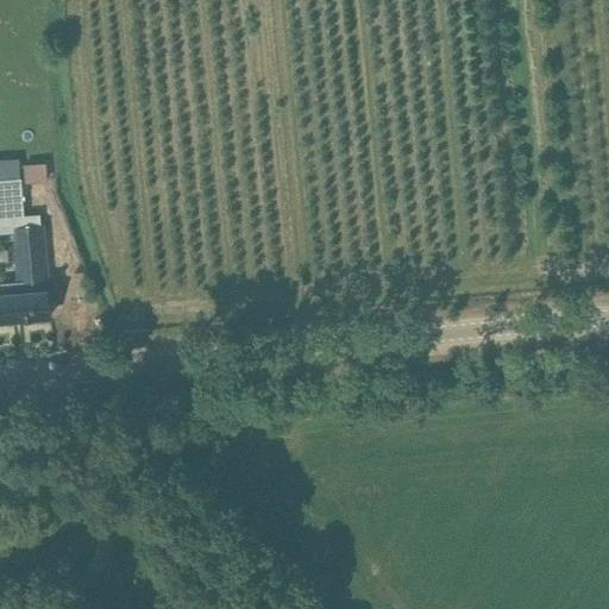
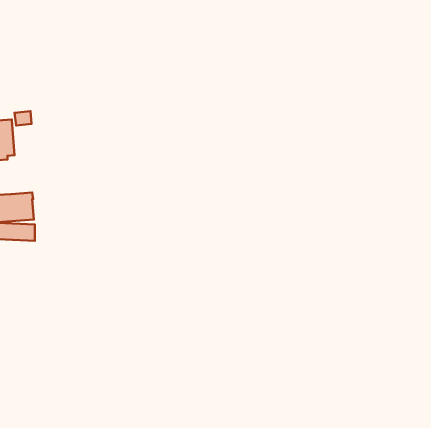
building: [11,216,45,272] -> none

